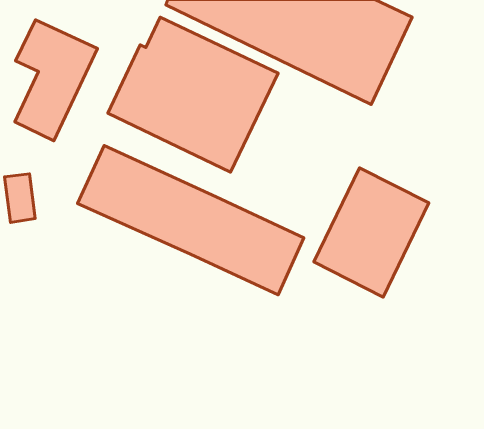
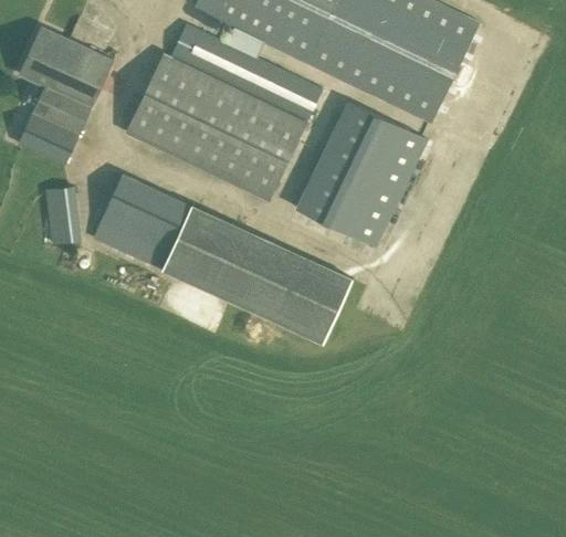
building: [314,168,429,297] -> [295,98,429,249]
building: [5,174,35,222] -> [45,187,81,243]

